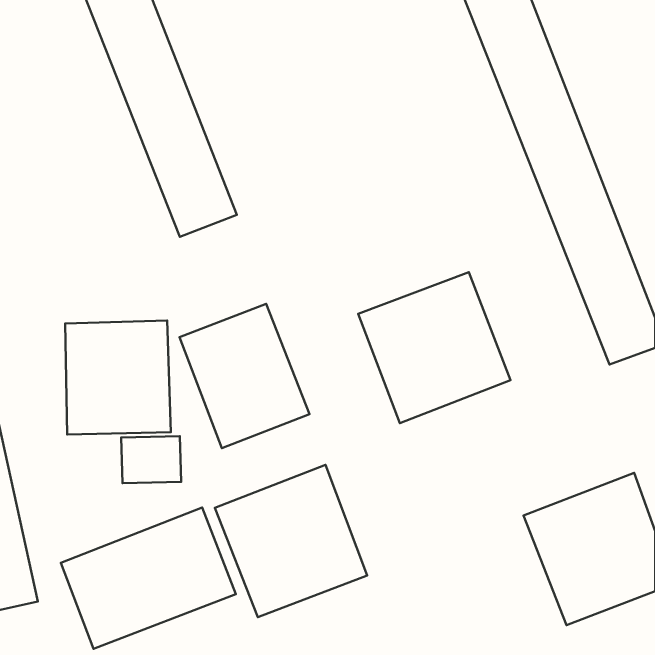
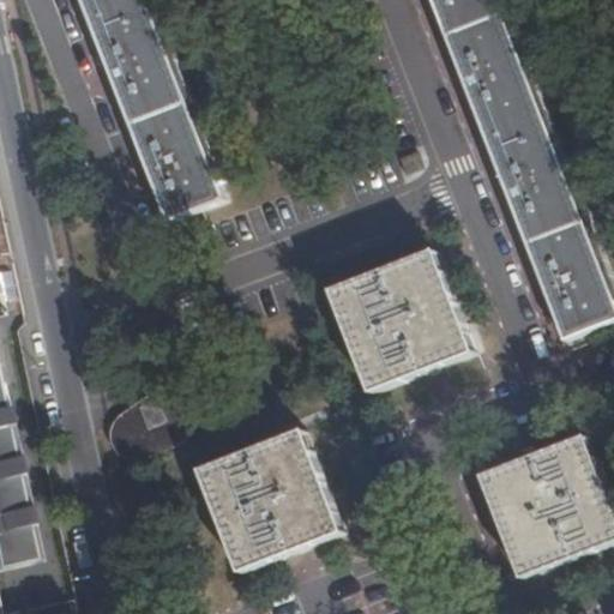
building: [179,304,309,448] -> none
building: [65,321,171,435] -> none
building: [61,508,236,649] -> none

